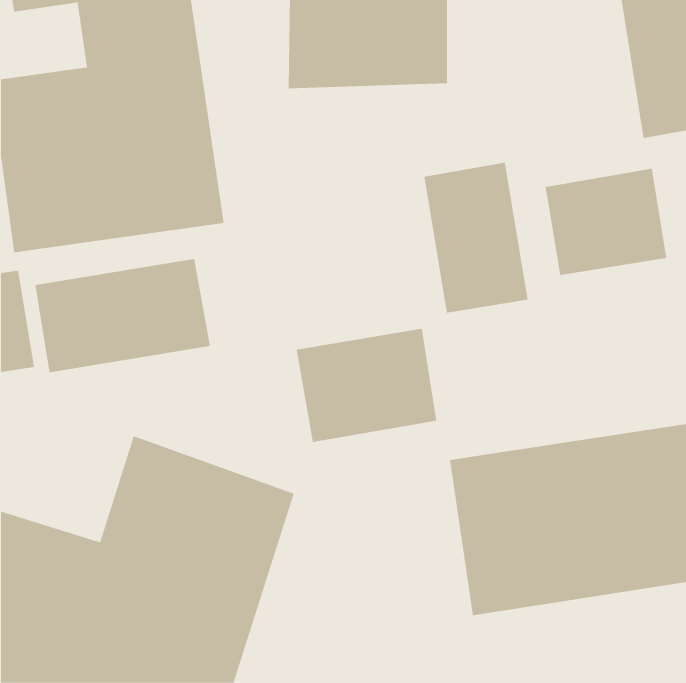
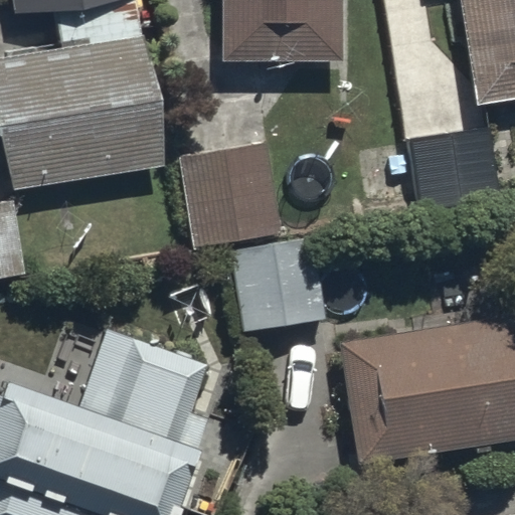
building: [424,162,528,313] -> none
building: none -> [183,144,276,245]
building: [35,258,210,373] -> none

